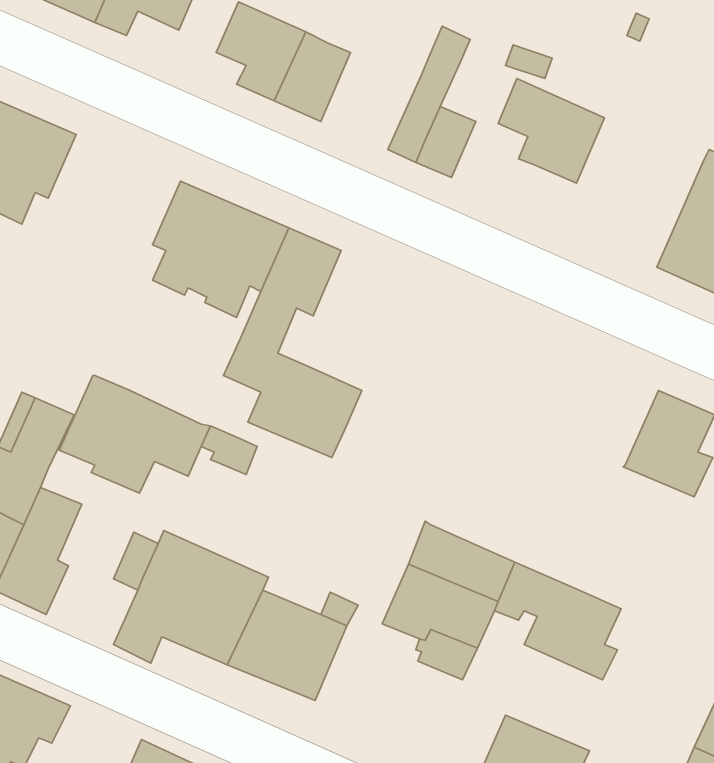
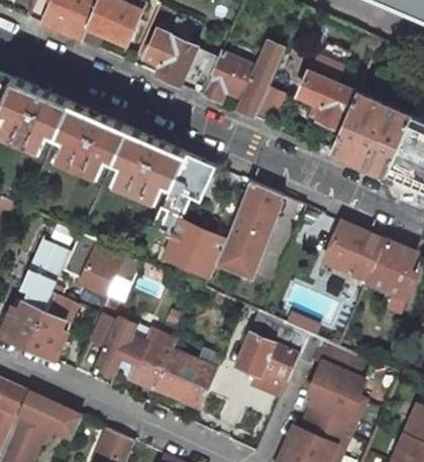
building: none -> [203,52,257,102]
building: none -> [332,93,410,174]
building: none -> [55,102,127,176]
building: none -> [216,180,284,276]
building: none -> [324,228,386,280]
building: none -> [303,377,363,435]

